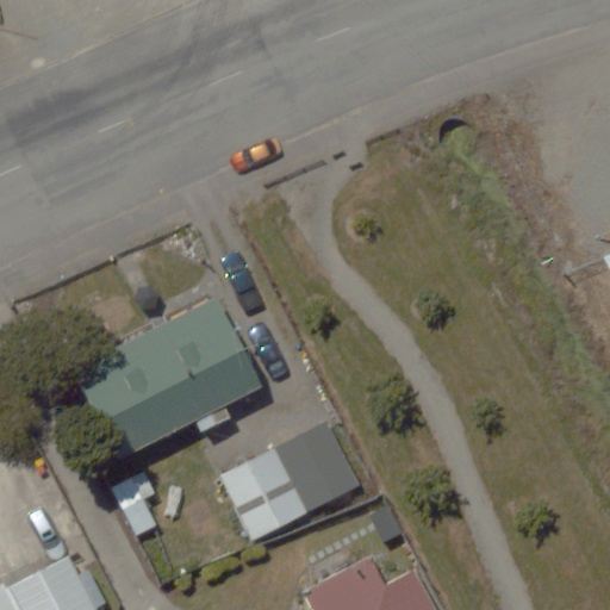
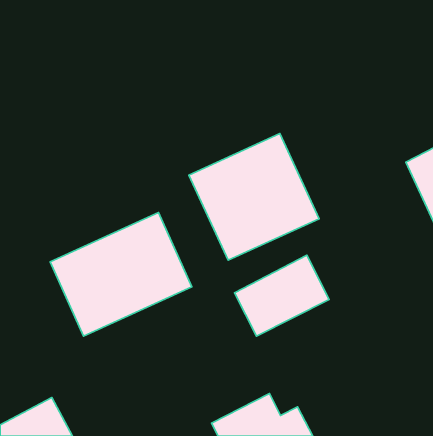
building: none -> [189,134,319,260]
building: [219,427,351,540] -> [234,255,329,336]

